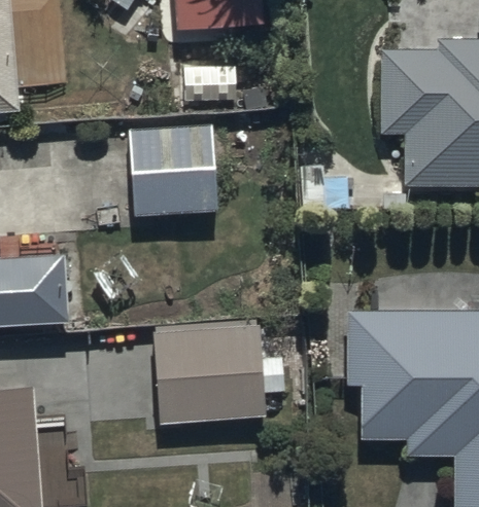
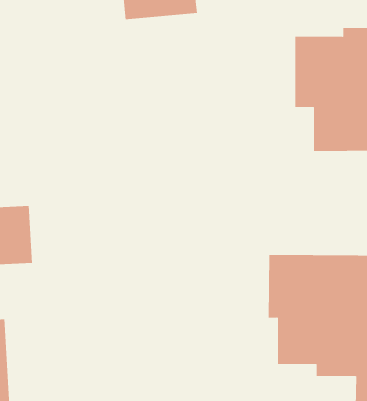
building: [128,135,217,230] -> none
building: [153,323,267,424] -> none

